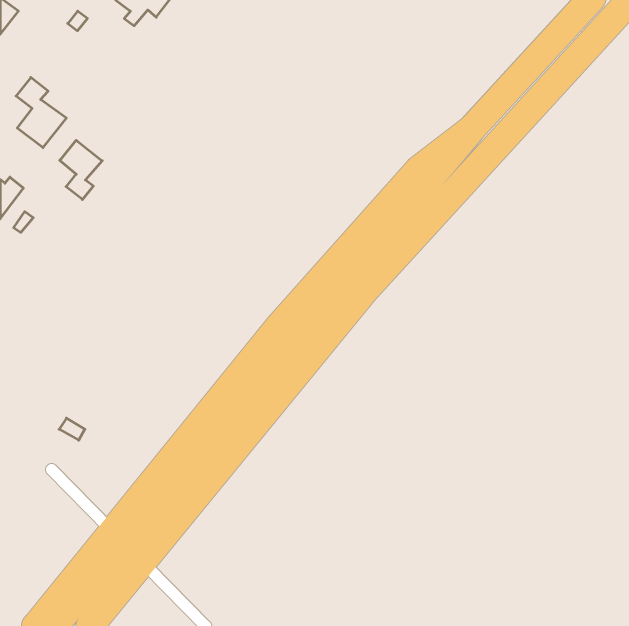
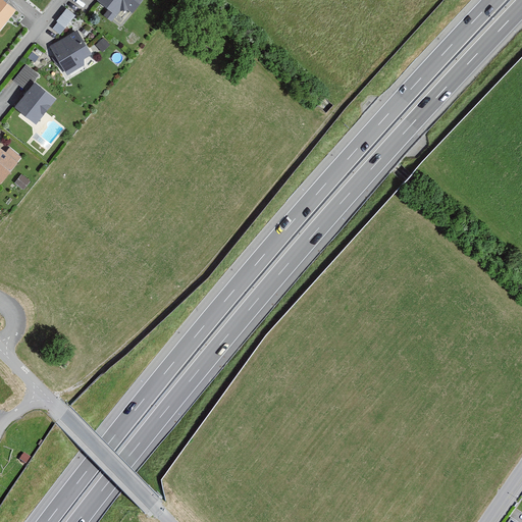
building: none -> [50,30,90,74]
building: [60,140,102,200] -> none

